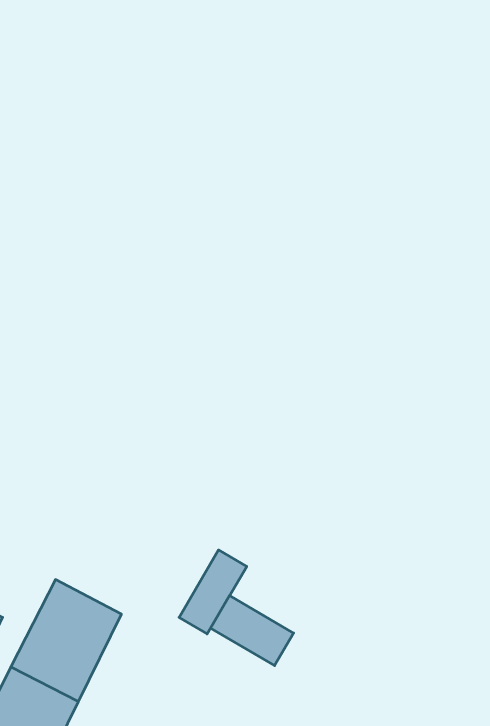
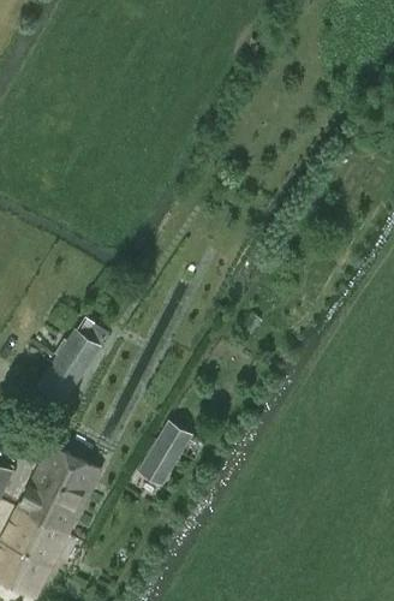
building: none -> [37,316,108,404]
building: [211,596,294,666] -> none

